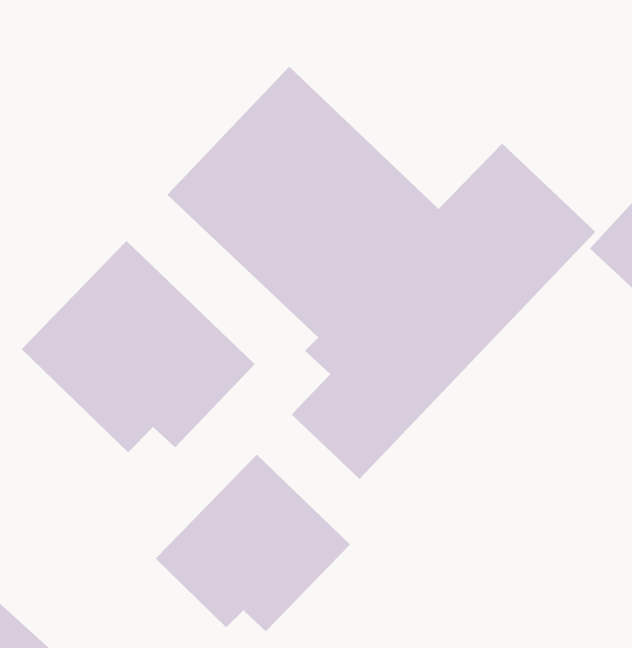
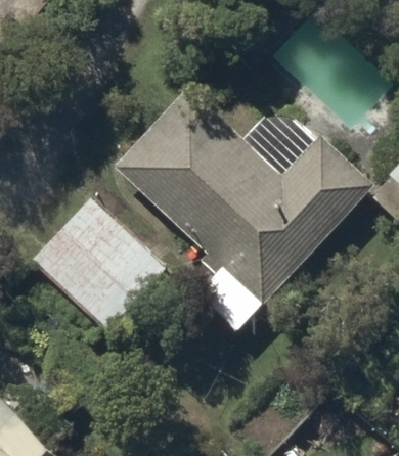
building: [155,454,351,632] -> none

